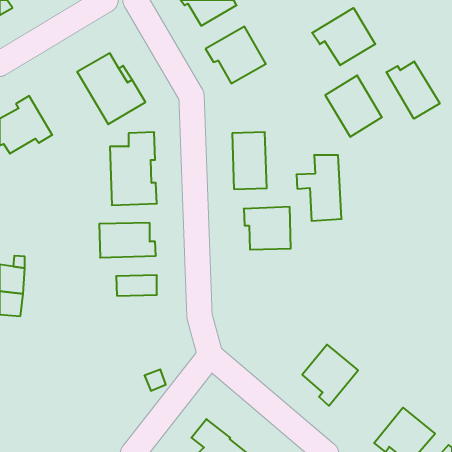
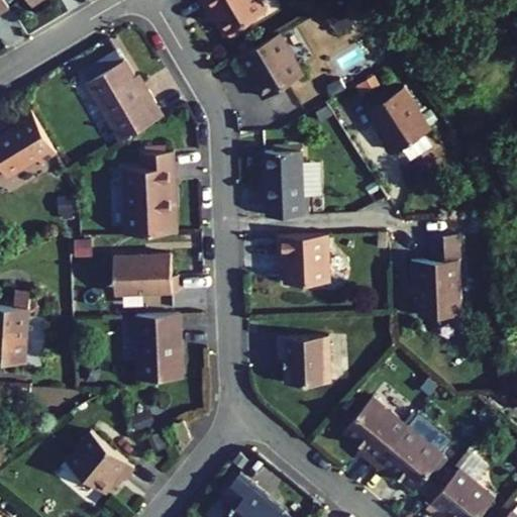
building: [312,8,375,65] -> none
building: [386,61,440,119] -> none
building: [296,155,342,221] -> [411,240,462,315]
building: none -> [133,337,180,381]
building: none -> [278,337,331,387]
building: none -> [375,423,444,488]
building: none -> [61,432,129,494]

